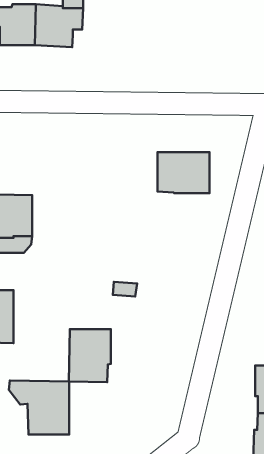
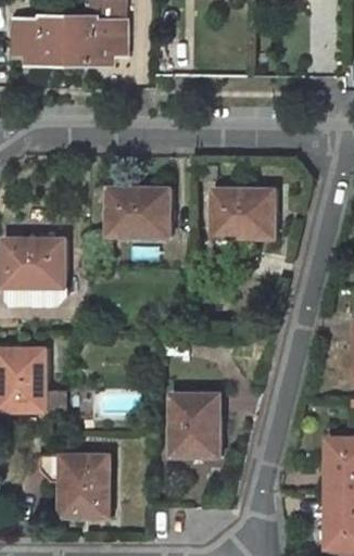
building: none -> [106,187,169,236]
building: [69,329,111,382] -> [169,394,218,456]

